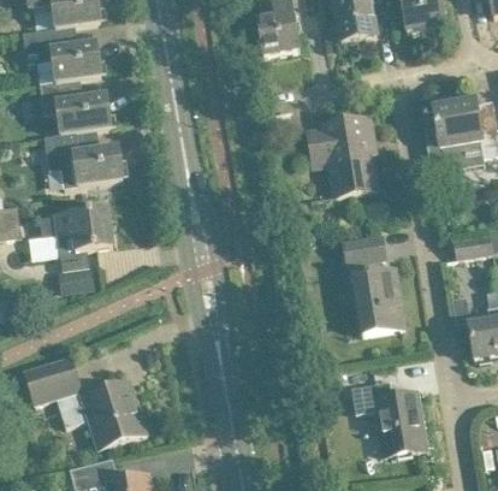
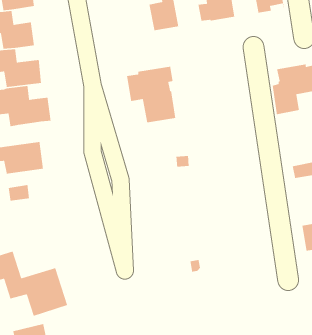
building: [307,117,375,200] -> [126,66,176,126]
building: [343,236,403,333] -> none
building: [350,383,423,455] -> none

